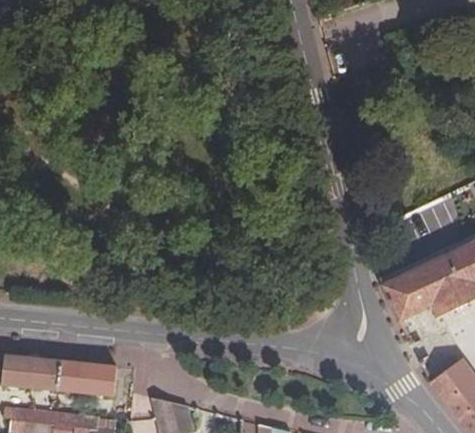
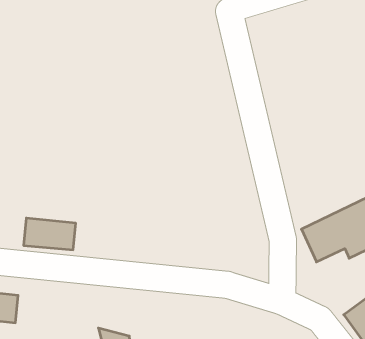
building: [57,360,116,396] -> [24,218,76,250]

